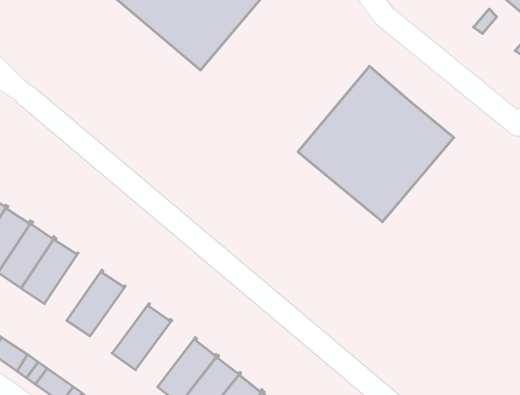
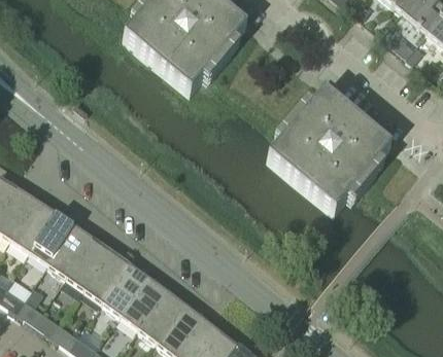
building: none -> [65,237,110,290]
building: none -> [101,263,147,316]
building: none -> [137,290,184,343]

